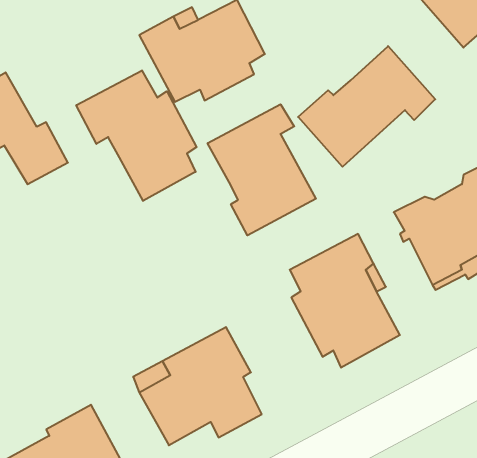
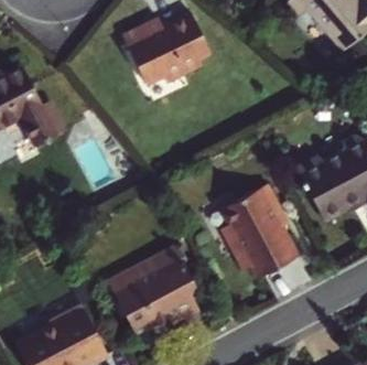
building: [298,46,435,167] -> none
building: [76,70,197,201] -> none
building: [208,104,316,235] -> none

